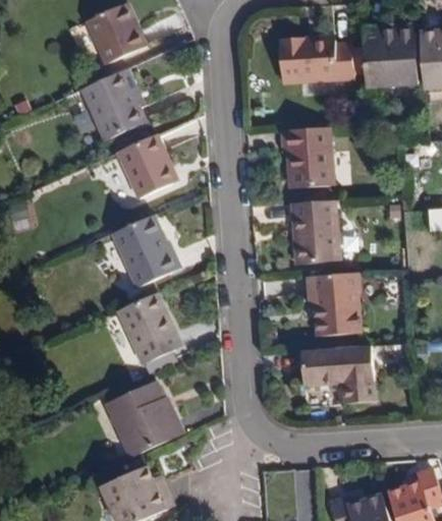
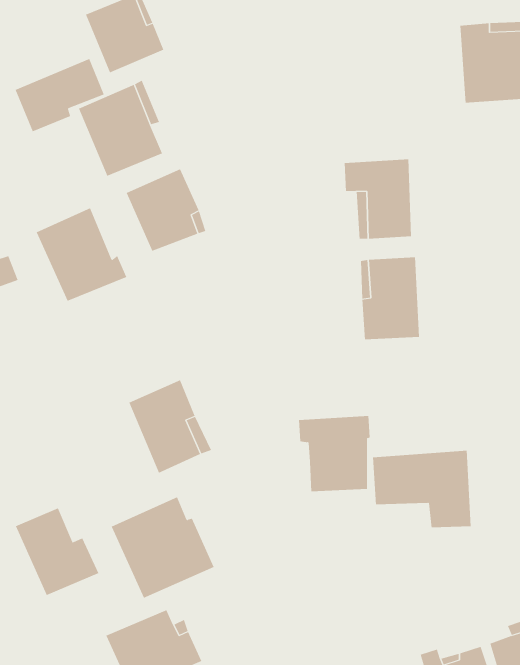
building: [283,37,355,82] -> none
building: none -> [15,58,104,132]
building: [111,216,179,286] -> [36,208,127,302]
building: [306,274,360,331] -> [298,416,370,492]
building: none -> [15,508,99,596]

